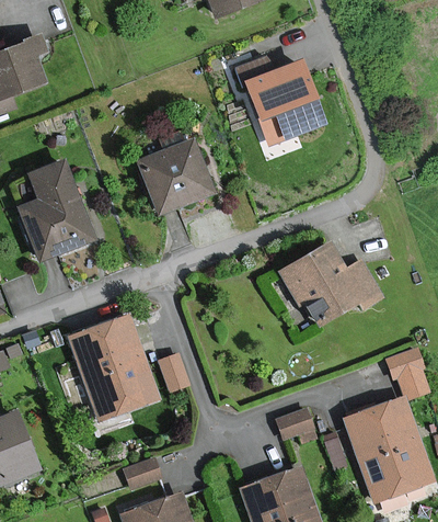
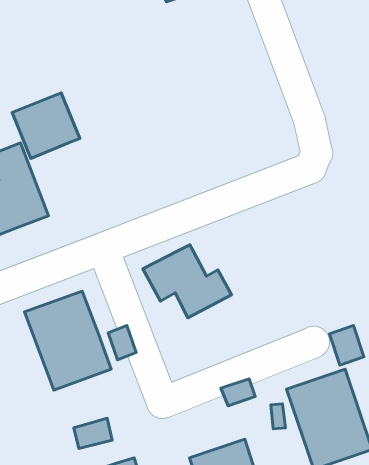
building: [240,59,323,144] -> none
building: [143,141,215,211] -> [12,93,80,158]
building: [283,246,376,322] -> [143,245,232,318]

